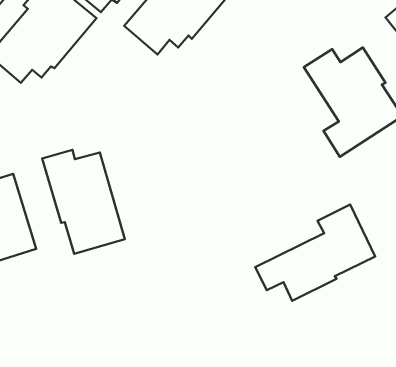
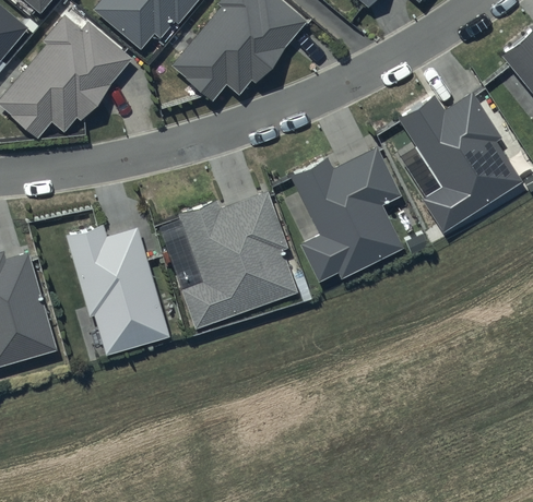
building: none -> [289,147,404,282]
building: none -> [177,192,297,330]
building: [255,205,375,301] -> none

